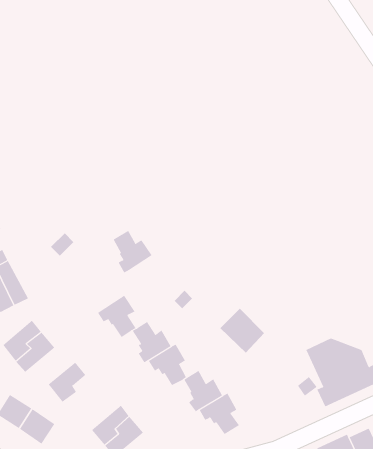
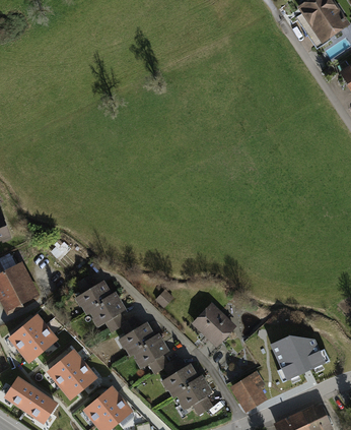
building: [113,230,152,273] -> [77,275,111,312]
building: none -> [61,363,94,397]
building: none -> [234,374,262,409]

